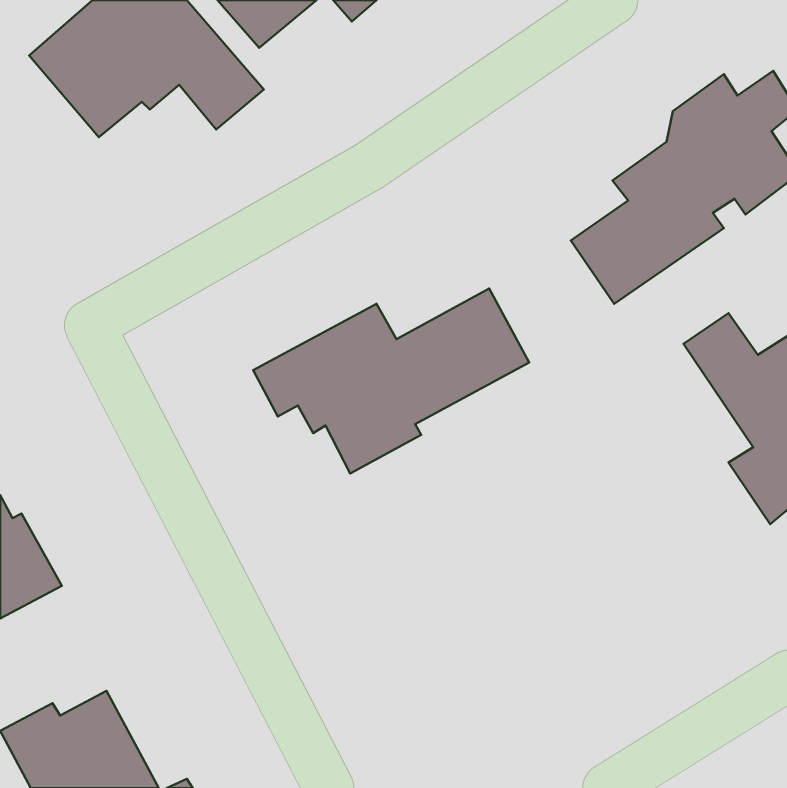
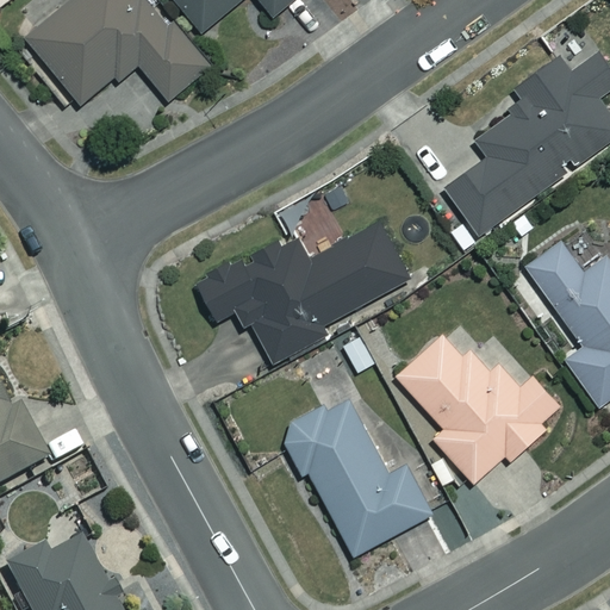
building: none -> [398,329,562,483]
building: none -> [280,396,432,554]

